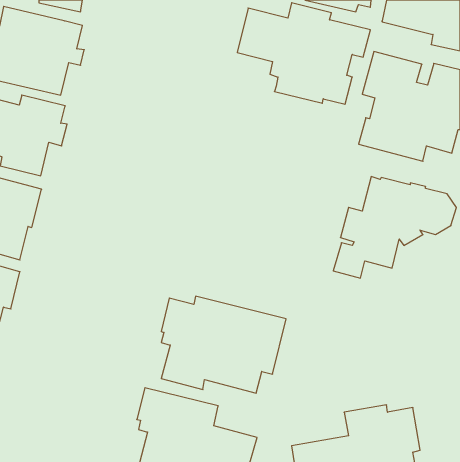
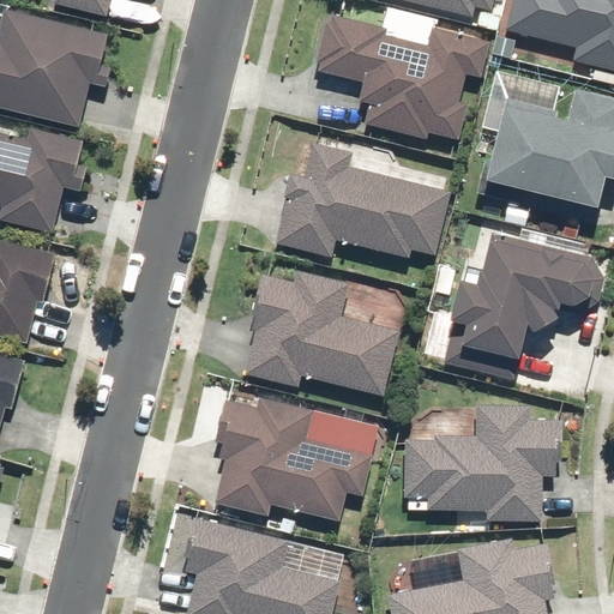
building: none -> [272,139,451,258]
building: none -> [243,269,399,396]
building: none -> [403,404,564,518]

